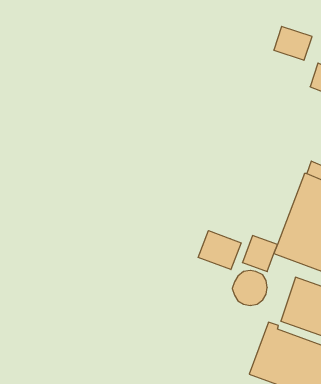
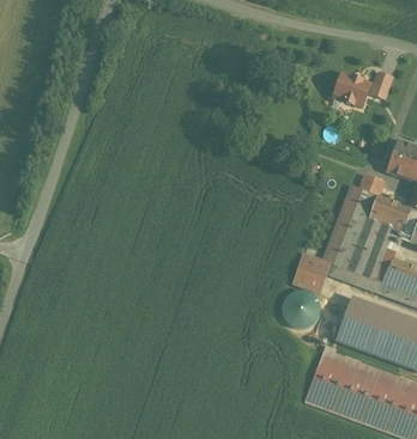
building: [274,26,312,60] -> [327,72,368,108]
building: [198,231,241,270] -> none

